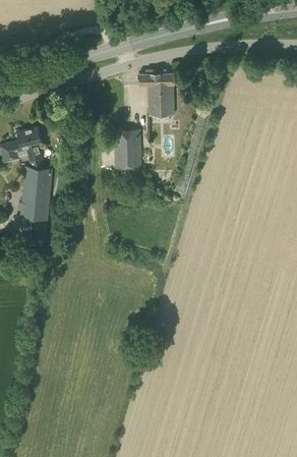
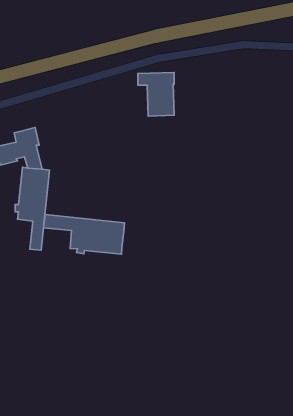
building: [114,130,141,169] -> none
building: none -> [44,215,125,254]

